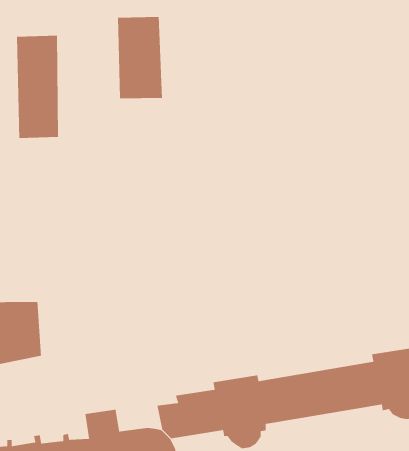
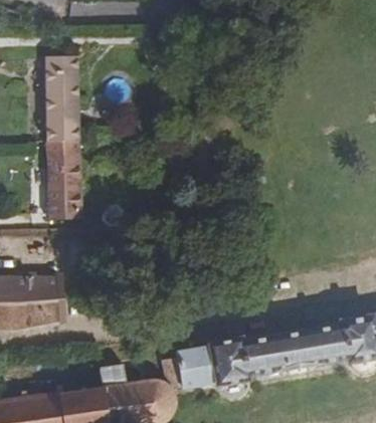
building: [117,16,163,99] -> none
building: none -> [46,140,81,218]

